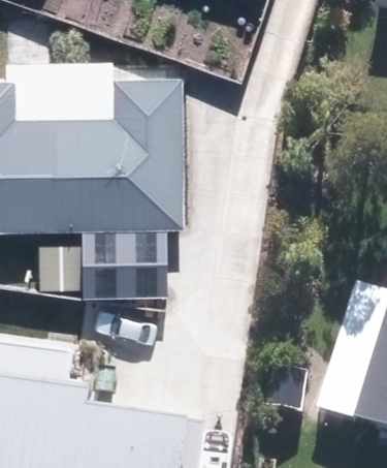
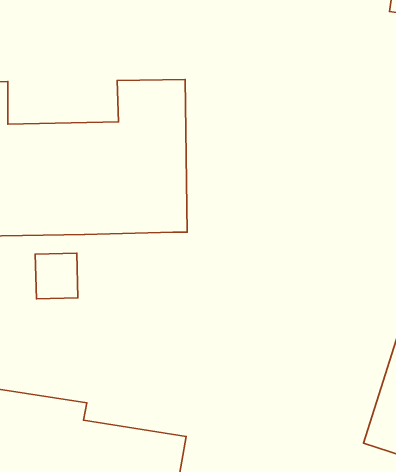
building: [85,224,169,294] -> none

